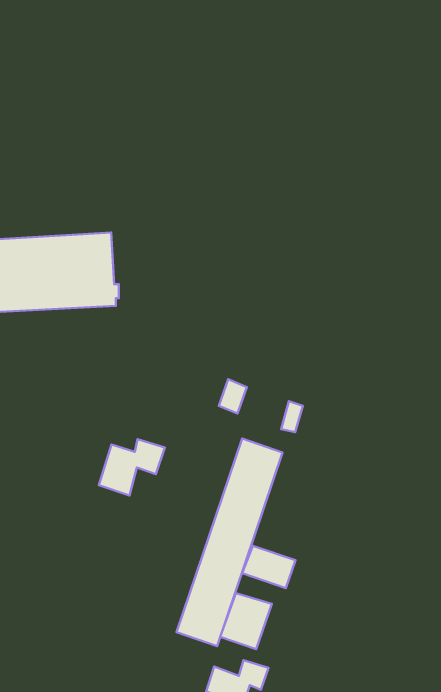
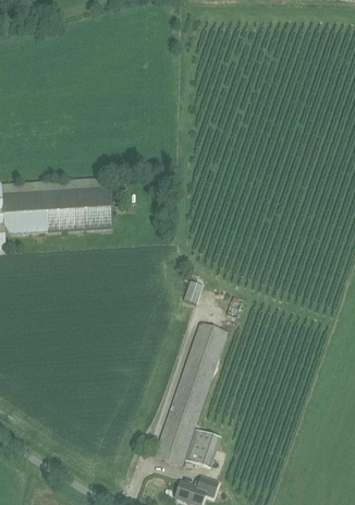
building: [99,439,165,496] -> none
building: [242,546,295,588] -> none

